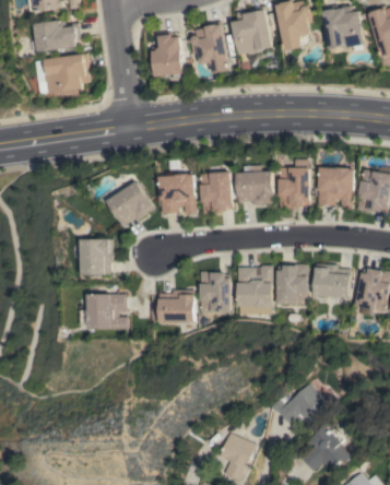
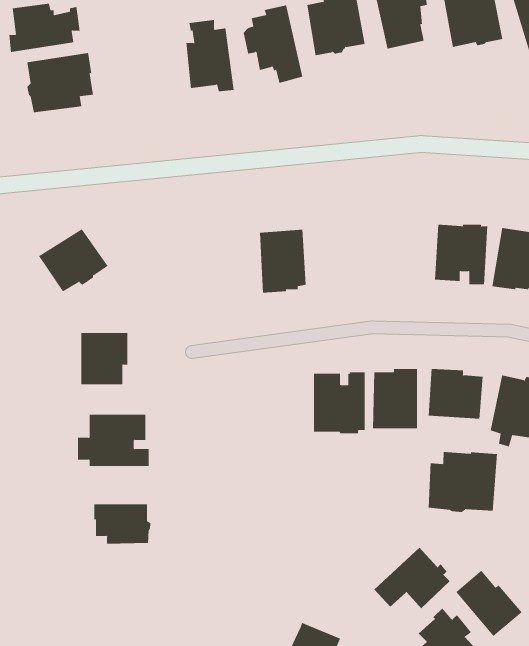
building: [279,161,309,208] -> none
building: [237,166,274,205] -> none
building: [159,174,197,215] -> none
building: [108,182,155,225] -> [38,228,108,292]
building: [200,272,231,312] -> none
building: [158,291,193,322] -> none
building: none -> [428,451,498,513]
building: none -> [94,503,151,544]
building: none -> [455,570,522,637]

